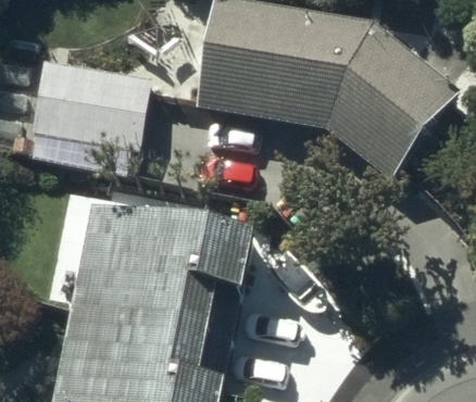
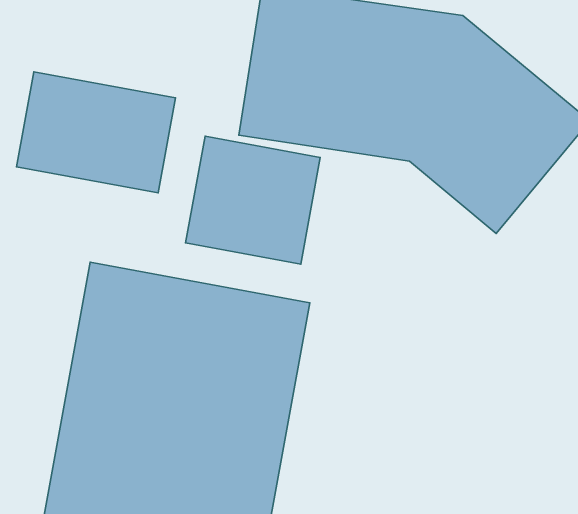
building: none -> [186,136,320,264]

